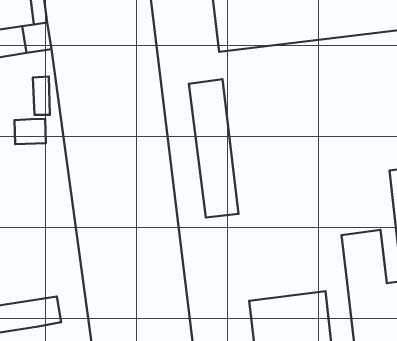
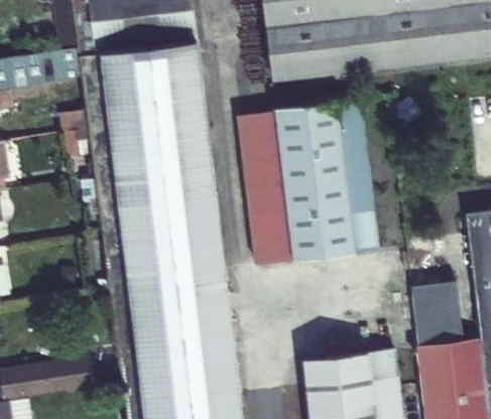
building: none -> [277,103,379,264]
building: [15,119,46,144] -> none

